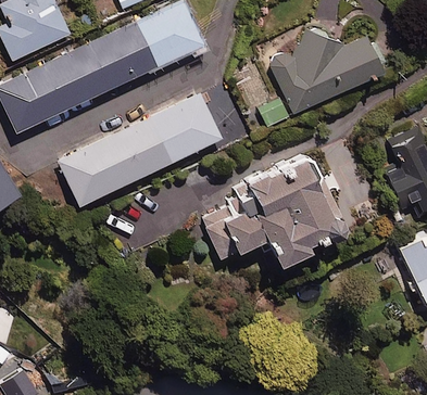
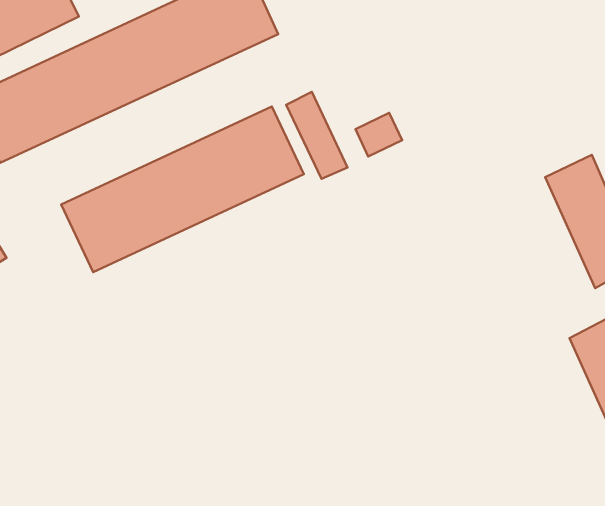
building: [267,26,385,115] -> none
building: [201,157,341,266] -> none

